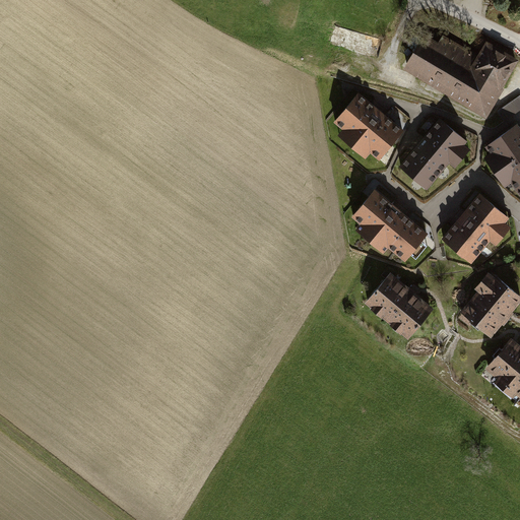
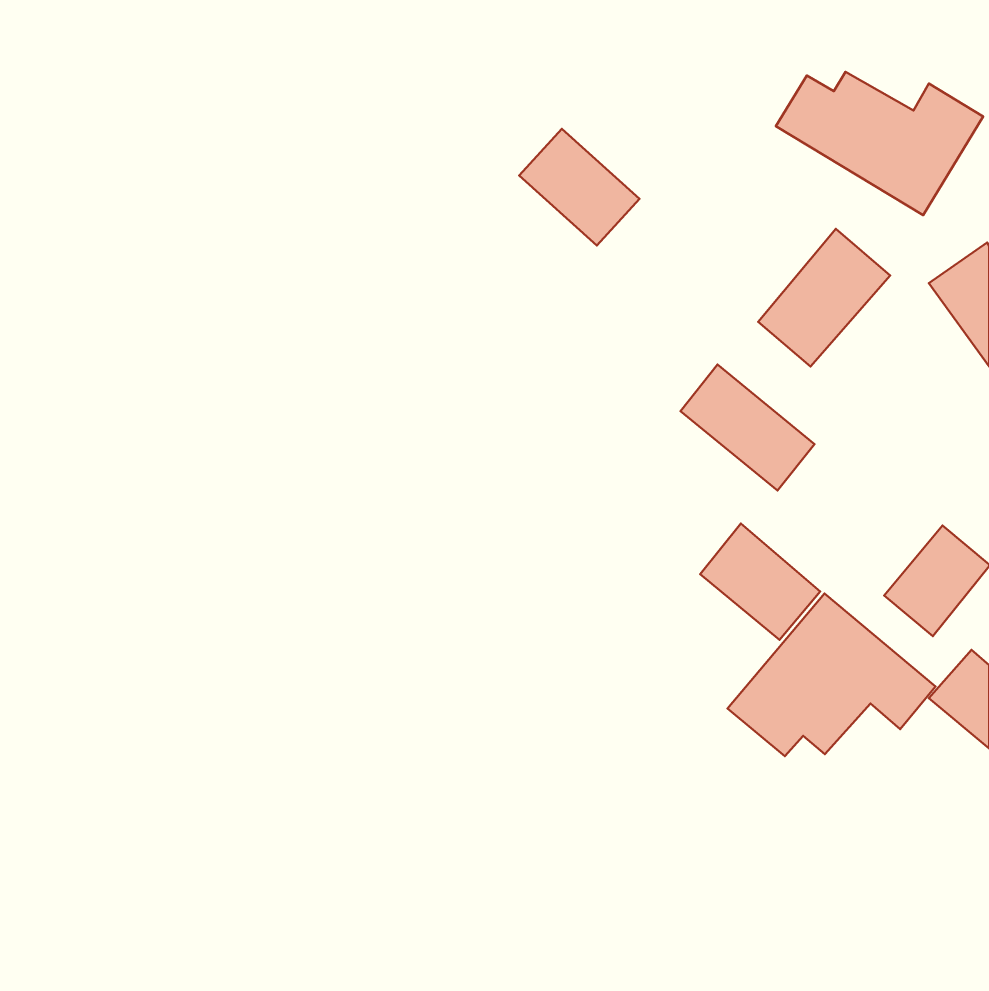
building: [338,96,401,157] -> [519,129,639,245]
building: [441,192,511,265] -> none
building: none -> [728,593,936,756]

